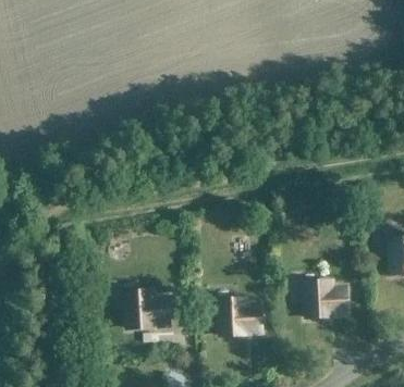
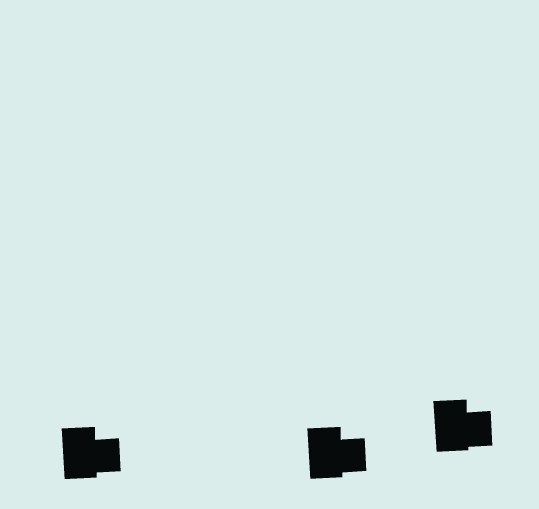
building: [126,290,168,326] -> [61,427,121,479]

